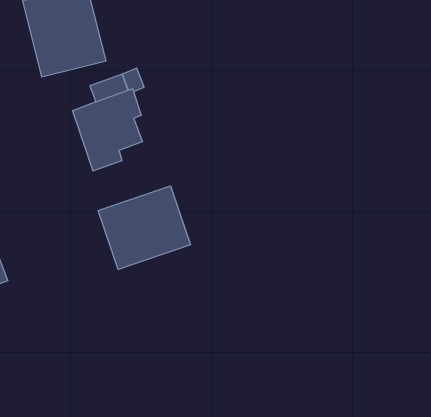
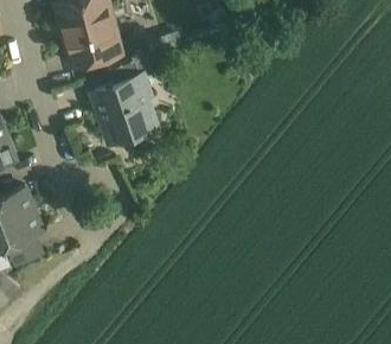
building: [98,186,191,269] -> none

